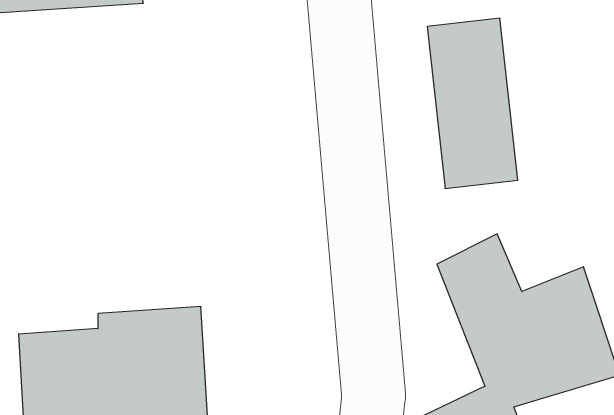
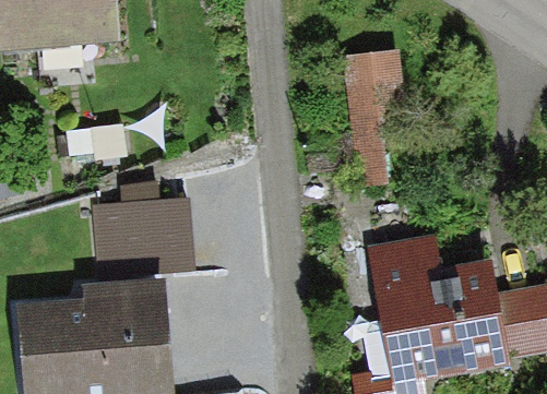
building: none -> [94,184,191,275]

